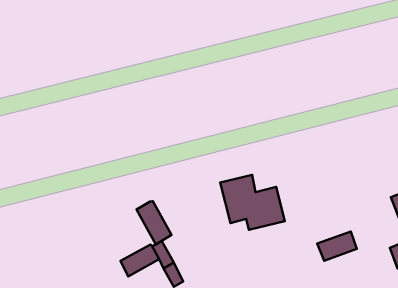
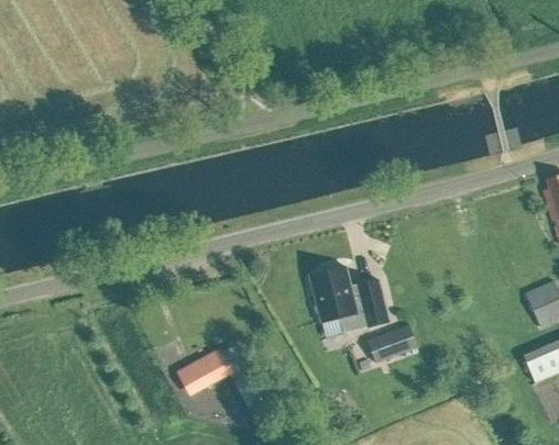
building: [137,201,172,244] -> none
building: [317,232,357,261] -> [366,325,417,363]

